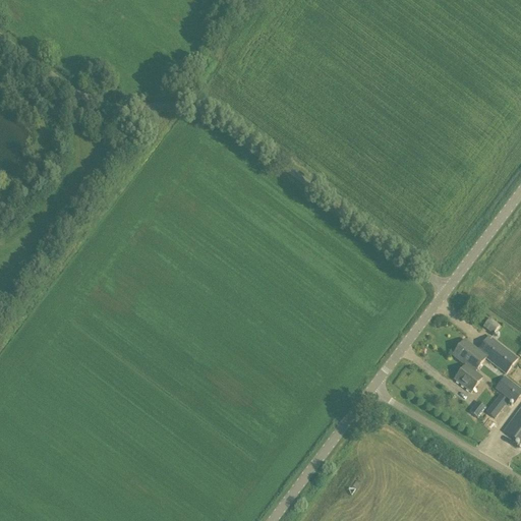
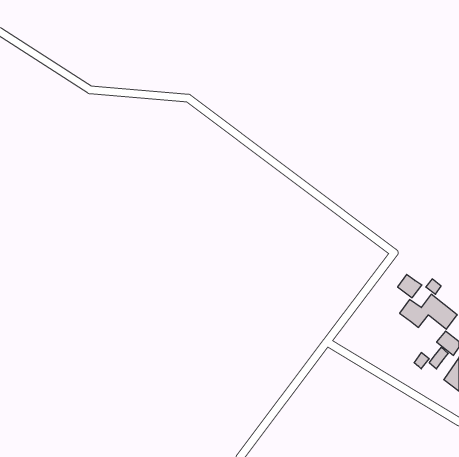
building: [454,363,481,390] -> [398,274,422,298]

